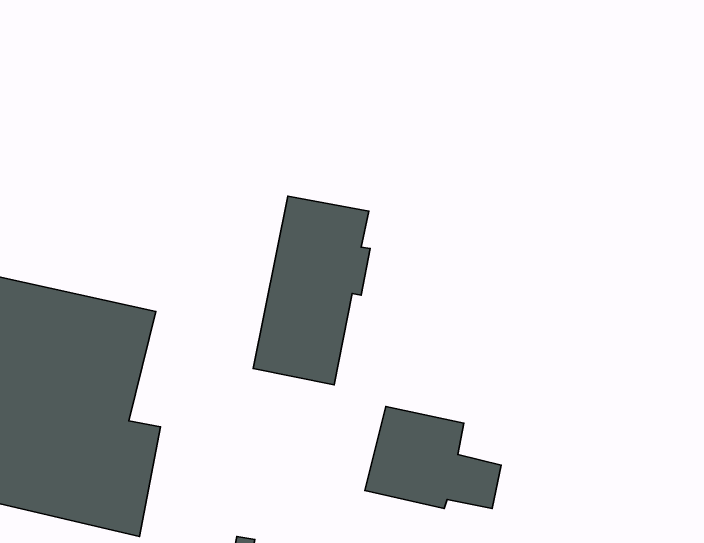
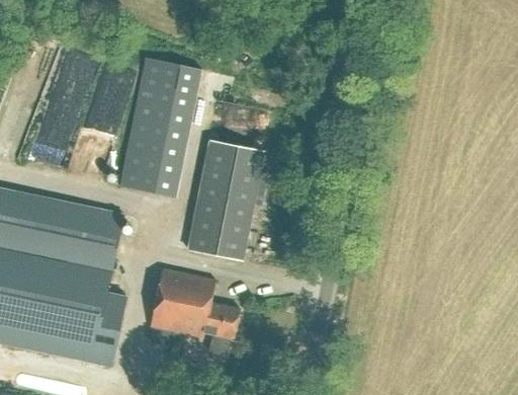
building: none -> [120,57,201,195]
building: [365,407,501,509] -> [148,267,240,336]

